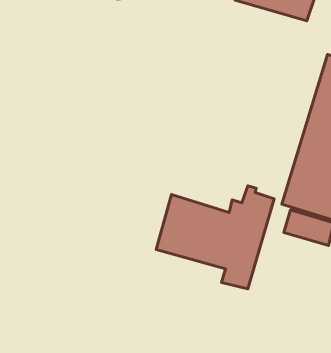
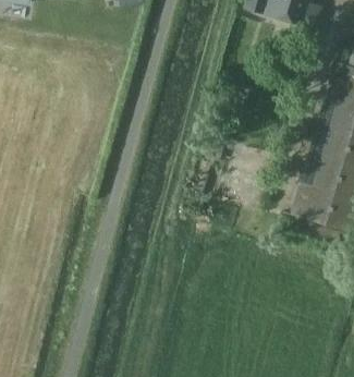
building: [156,186,274,289] -> none

